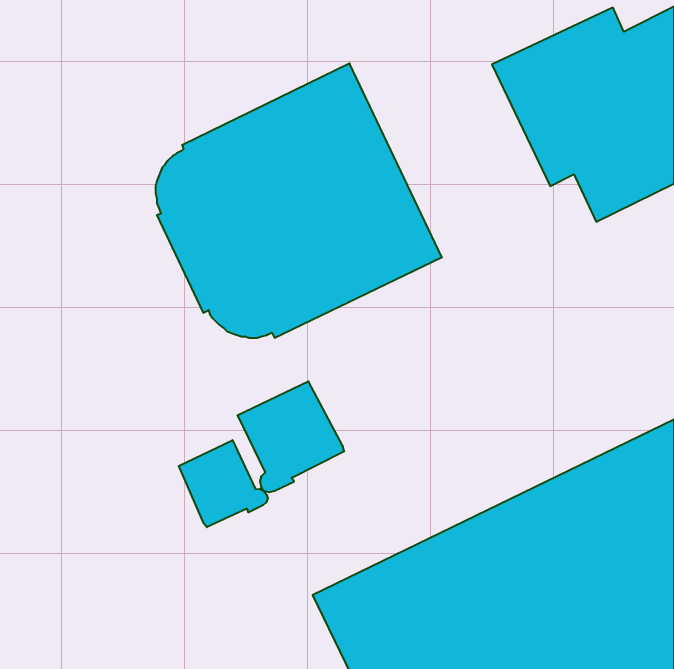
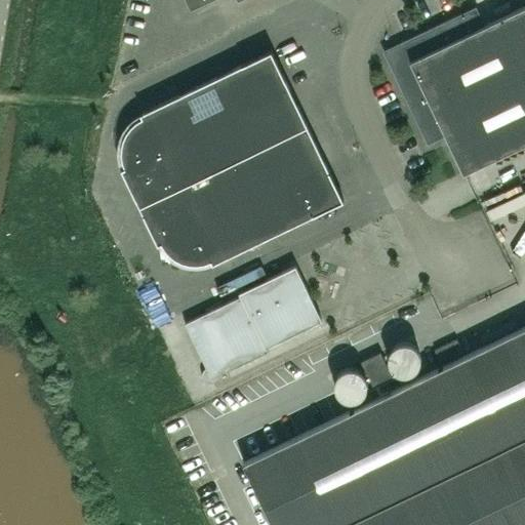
building: none -> [239,269,322,351]
building: [179,440,268,527] -> none

